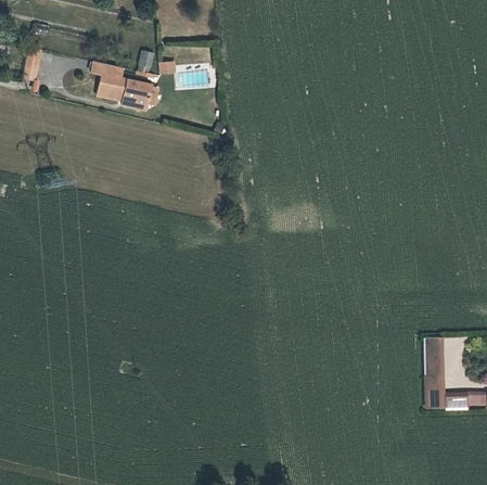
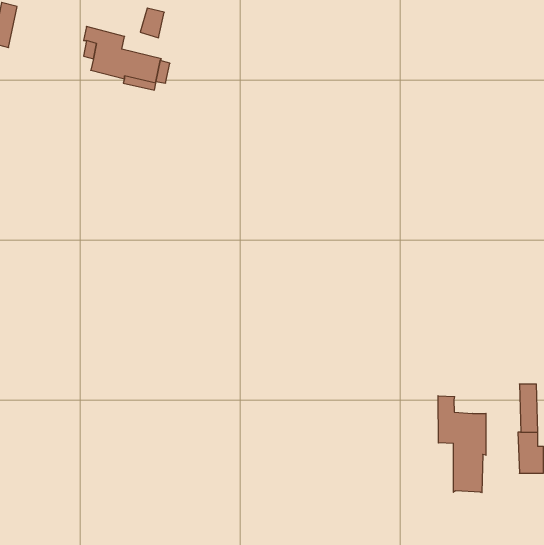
building: none -> [438,396,486,493]

